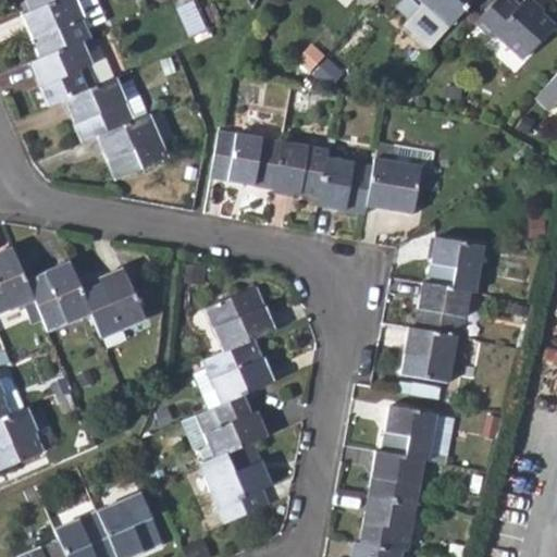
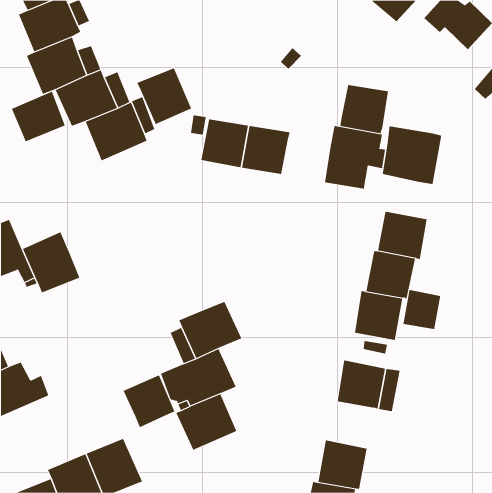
building: none -> [137,67,192,125]
building: none -> [11,91,66,142]
building: none -> [382,126,442,185]
building: [318,158,373,213] -> [340,85,389,134]
building: [81,268,145,338] -> none
building: [206,287,275,352] -> none
building: none -> [403,289,441,330]
building: none -> [123,374,175,428]
building: [368,451,423,506] -> none

